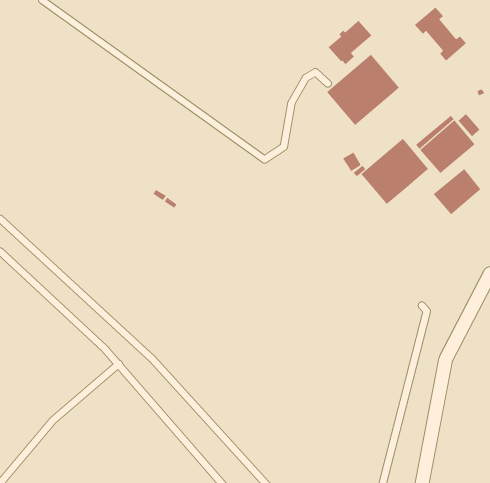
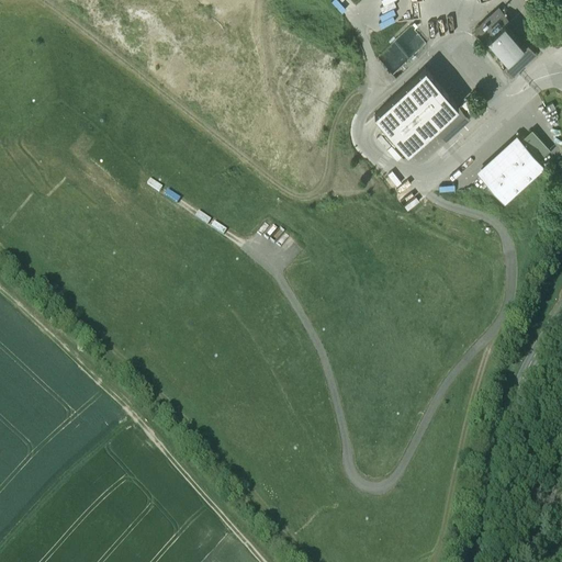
building: none -> [434,109,467,142]
building: [361,138,429,205] -> none
building: [433,168,481,215] -> none

